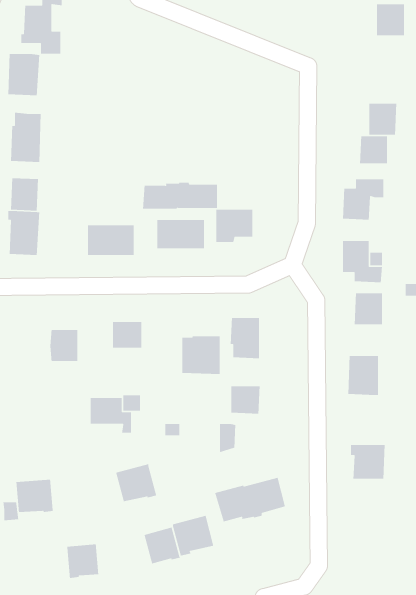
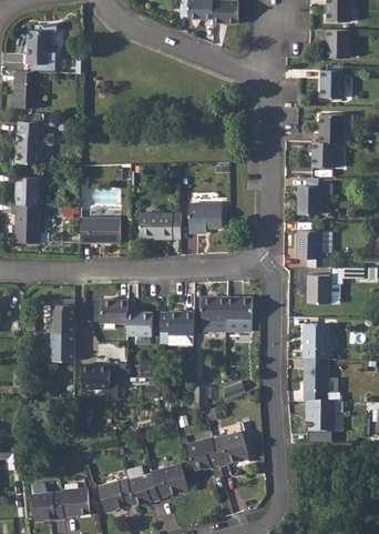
building: none -> [320,69,345,97]
building: [142,182,218,210] -> none
building: none -> [127,312,153,335]
building: none -> [50,333,74,361]
building: [230,386,261,414] -> [228,295,254,320]
building: none -> [300,361,327,403]
building: [115,463,157,502] -> [101,477,136,511]
building: [16,479,53,513] -> [34,491,66,520]

